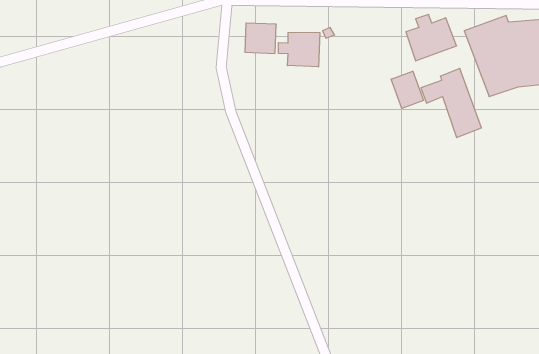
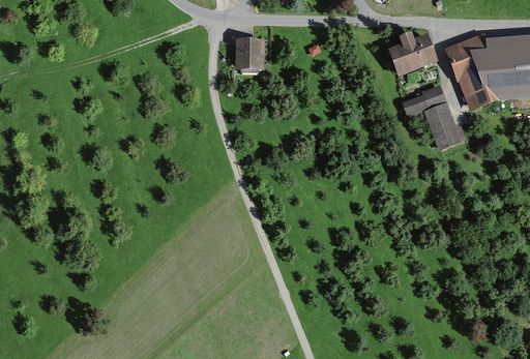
building: [279,32,320,67] -> none
building: [391,71,424,108] -> none

